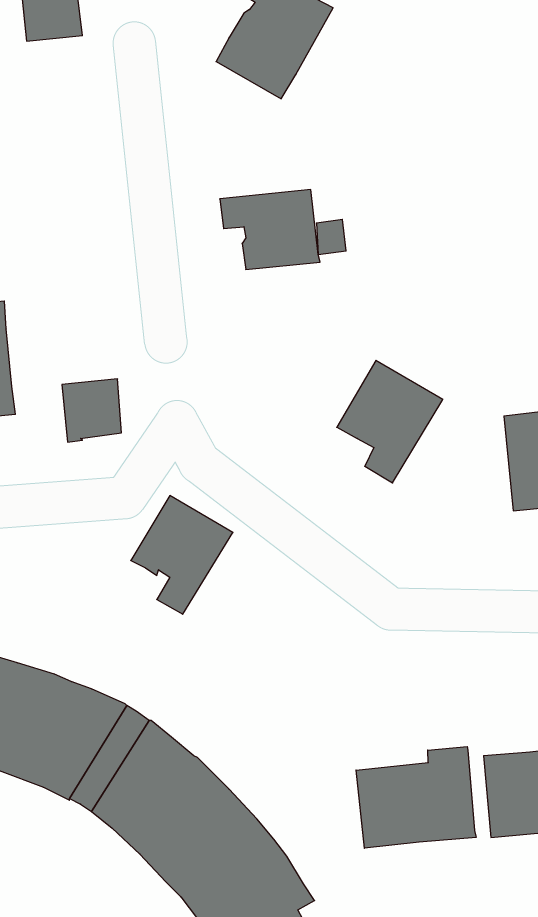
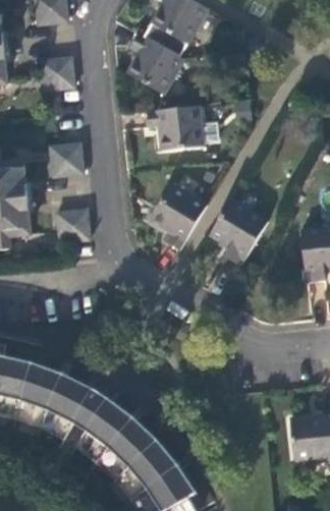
building: none -> [126,32,182,93]
building: none -> [43,56,75,89]
building: none -> [52,141,85,177]
building: [131,496,233,614] -> [151,183,207,248]
building: [356,747,476,848] -> none

